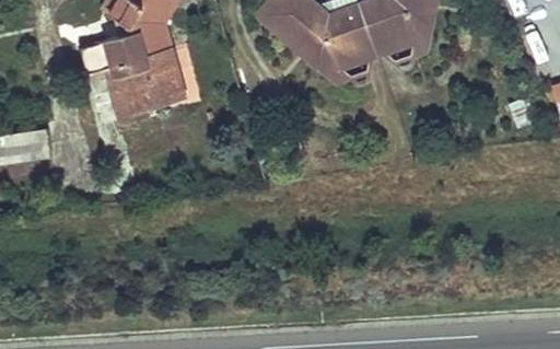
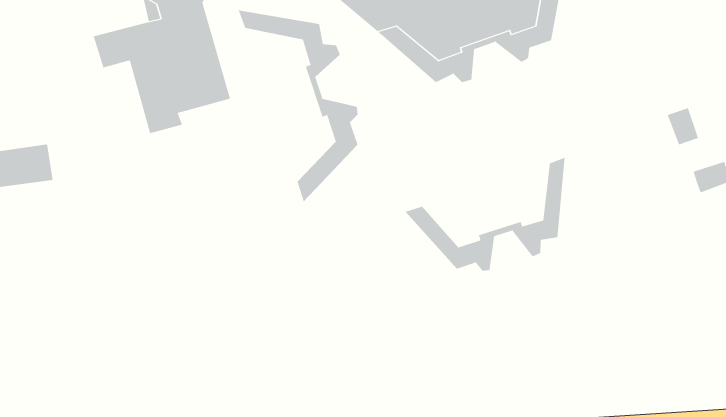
building: none -> [238,10,358,203]
building: none -> [405,157,565,271]

